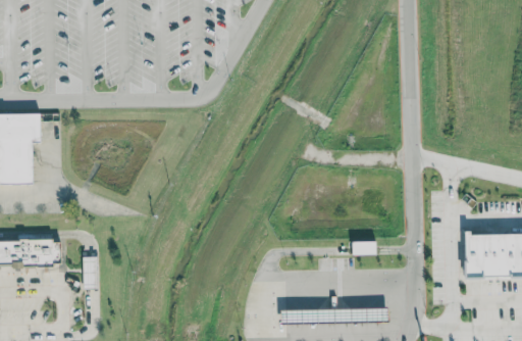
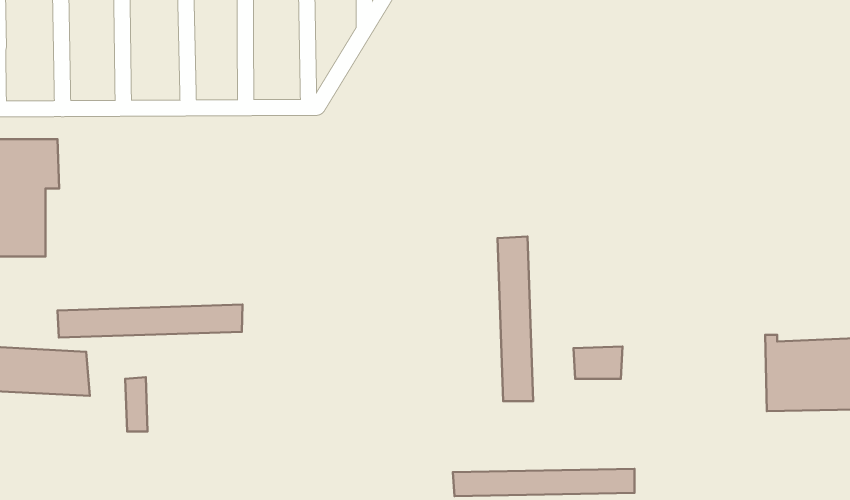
building: none -> [498,237,533,401]
building: none -> [58,305,242,338]

